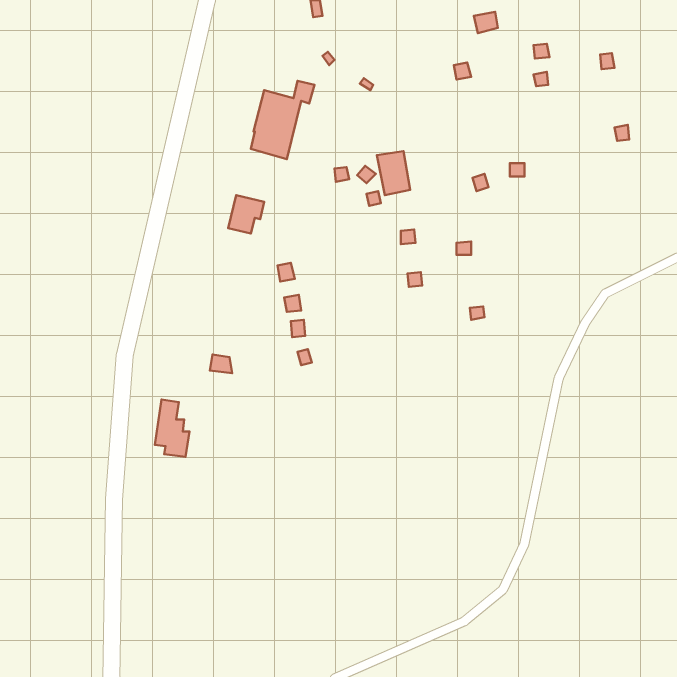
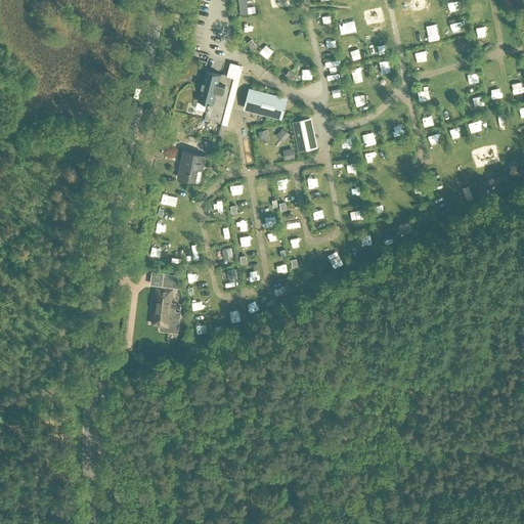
building: none -> [243,88,287,121]
building: [155,400,189,457] -> [151,289,178,333]

